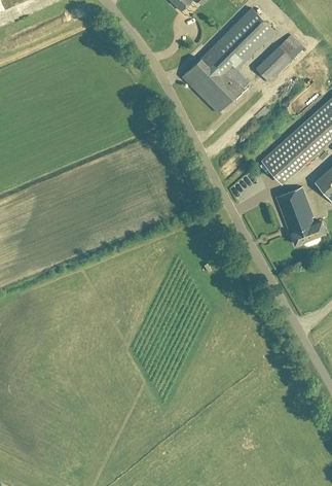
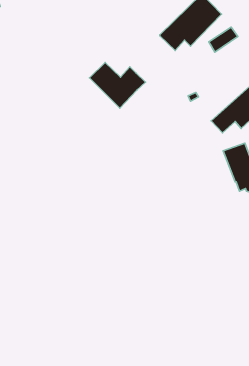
building: [181,59,248,113] -> [90,63,145,108]

